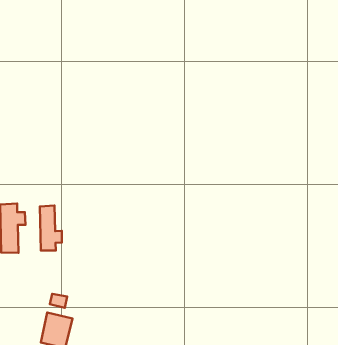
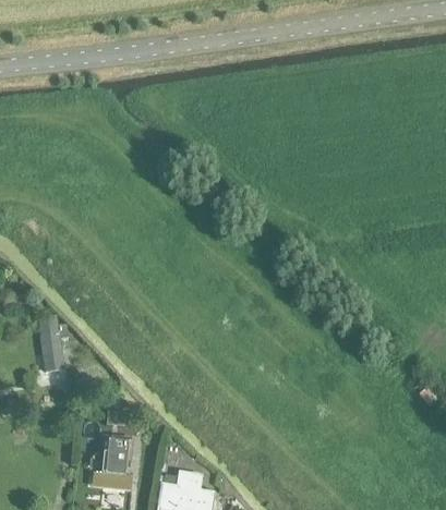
building: [40,206,62,251] -> none

